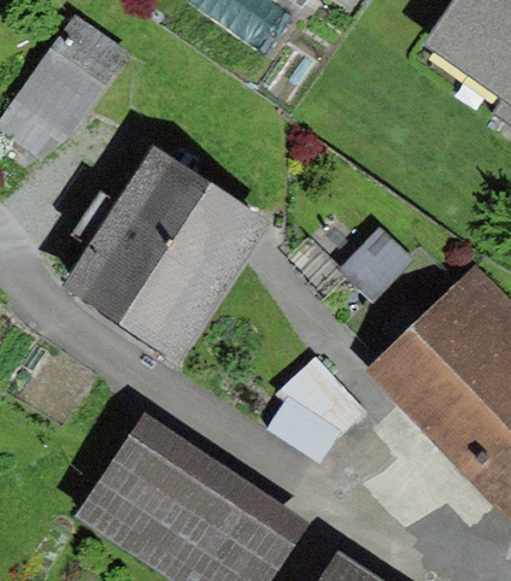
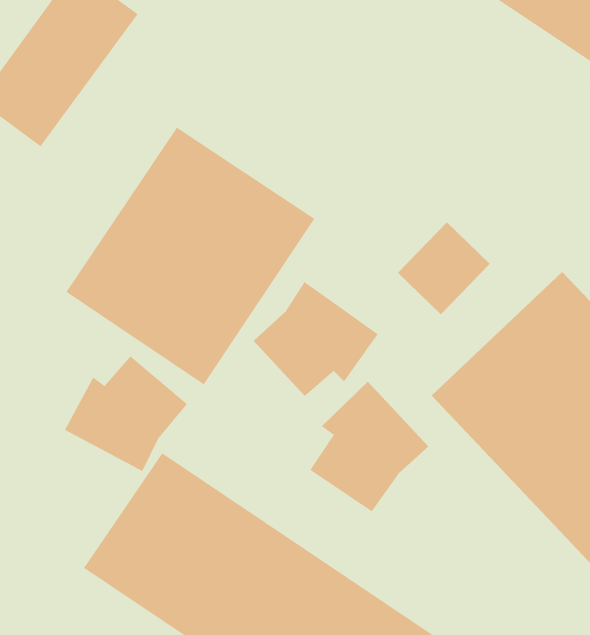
building: none -> [253,281,379,397]
building: none -> [64,356,188,472]

